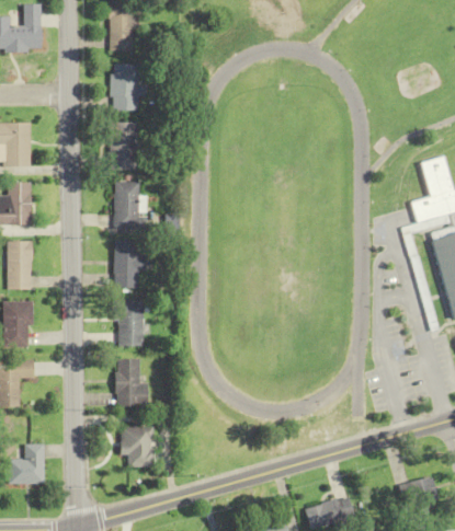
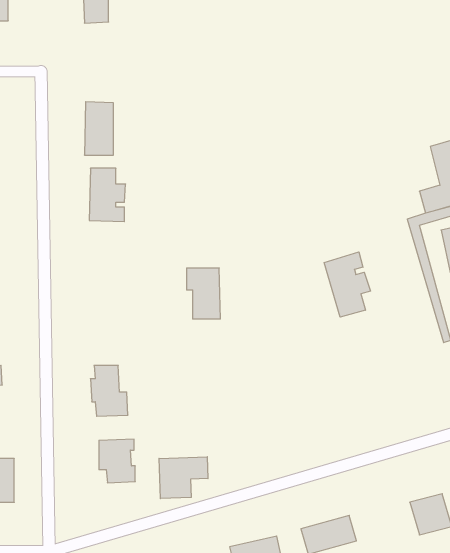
building: [110,64,145,109] -> none
building: [113,241,145,288] -> none
building: none -> [324,252,371,317]
building: [114,300,145,346] -> [187,268,220,319]
building: none -> [159,457,208,499]

